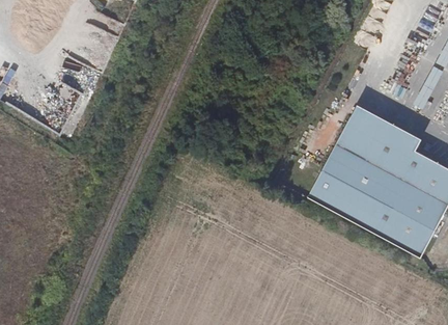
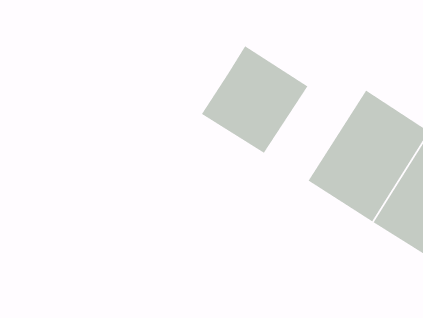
building: none -> [201,45,309,154]

